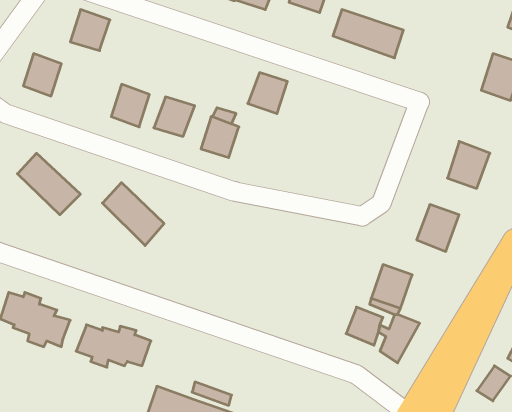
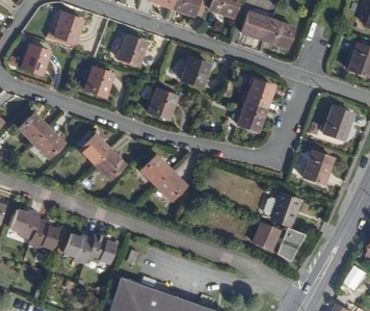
building: [154,97,195,136] -> [118,34,148,62]
building: none -> [238,78,273,131]
building: none -> [141,155,185,199]

